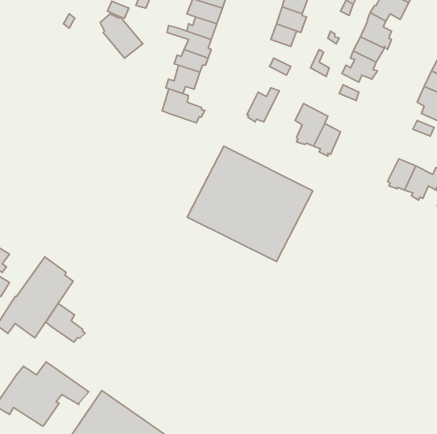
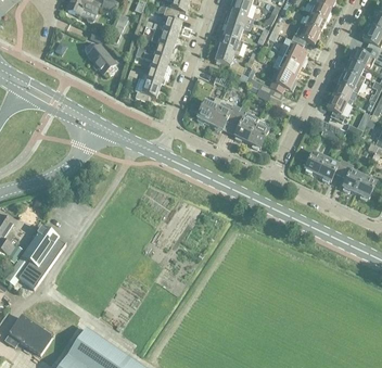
building: [162,89,205,123] -> none
building: none -> [209,100,240,129]
building: [187,146,313,262] -> none
building: [46,304,85,342] -> none

